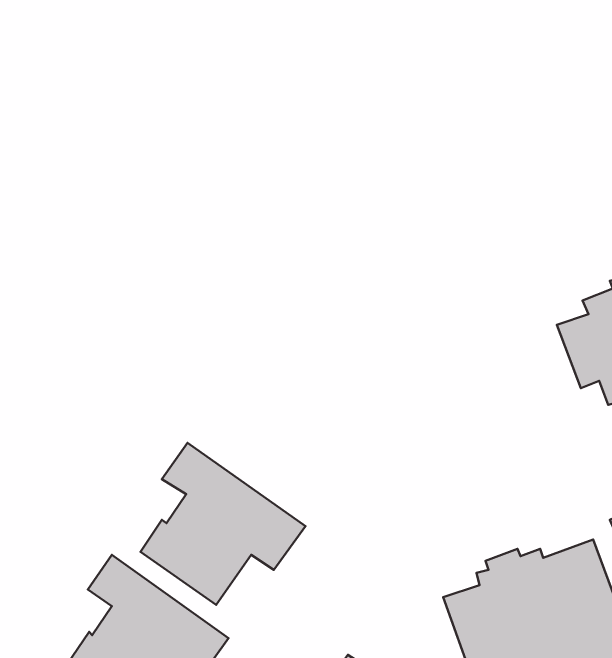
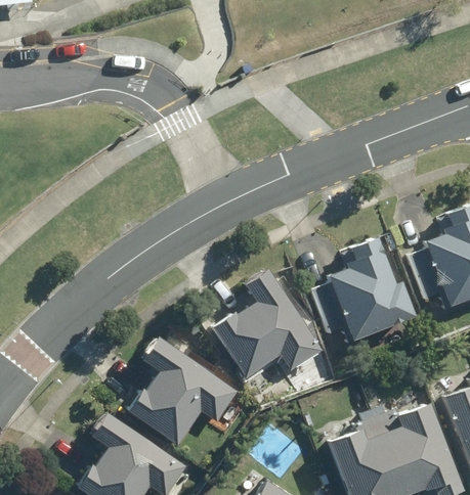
building: none -> [311,237,415,347]
building: none -> [212,270,321,378]

